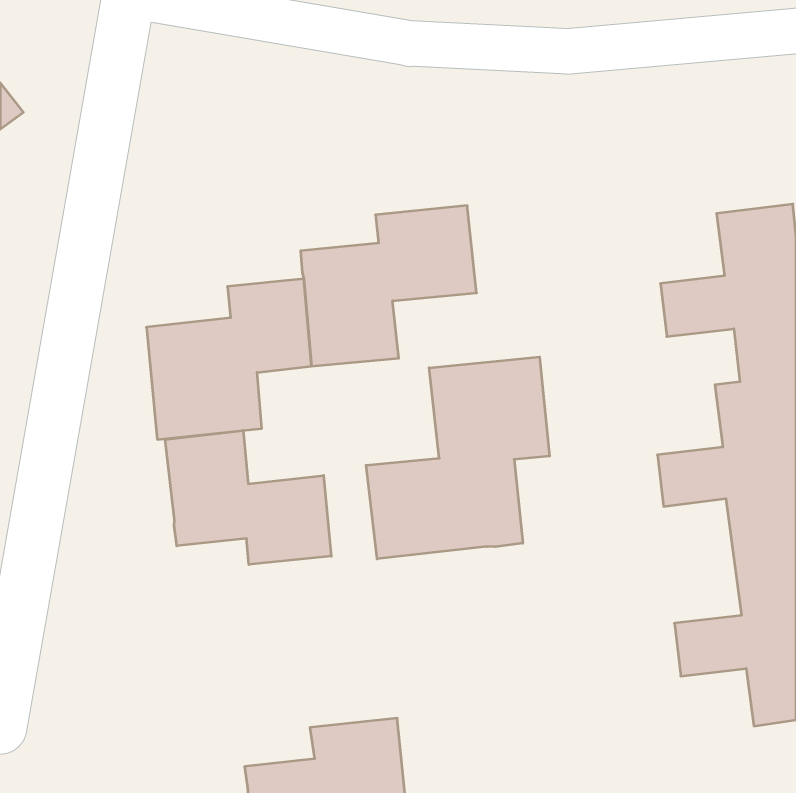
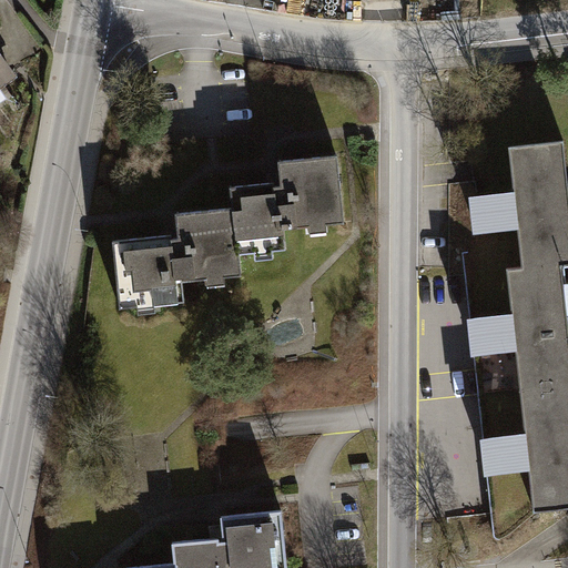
building: [366,357,550,559] -> none
building: [165,430,331,565] -> none

